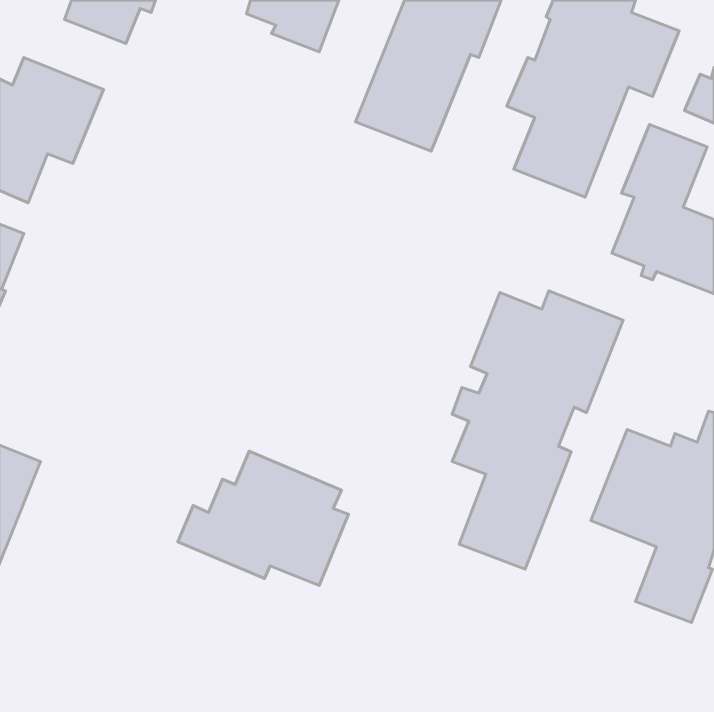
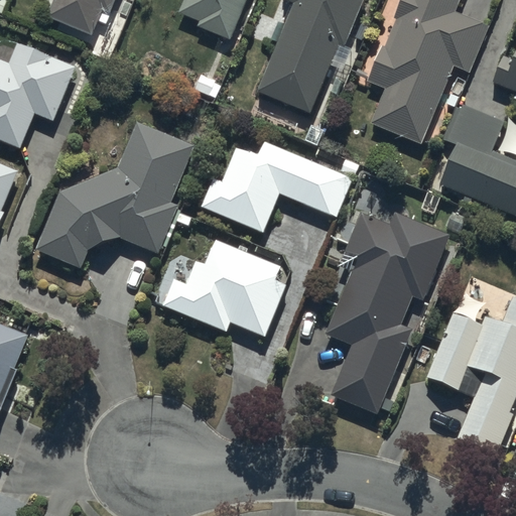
building: none -> [36,122,192,266]
building: none -> [201,140,357,232]
building: [178,451,349,585] -> [162,239,285,336]

